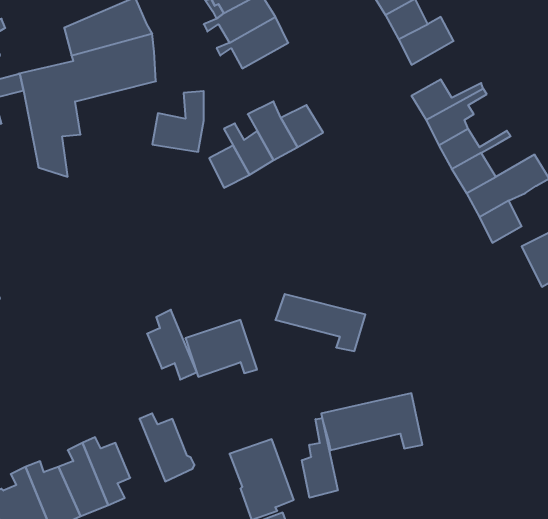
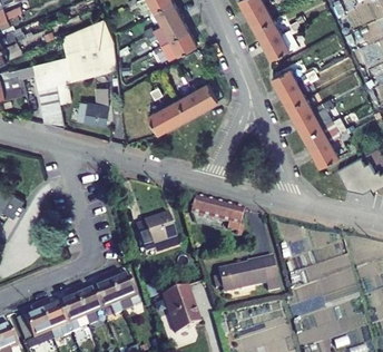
building: [152,91,204,152] -> [76,89,107,126]
building: [147,310,197,380] -> [91,275,121,317]
building: [302,418,338,498] -> none

